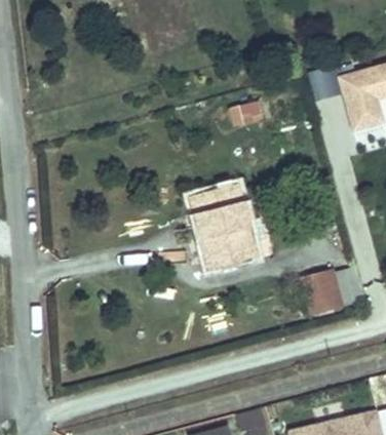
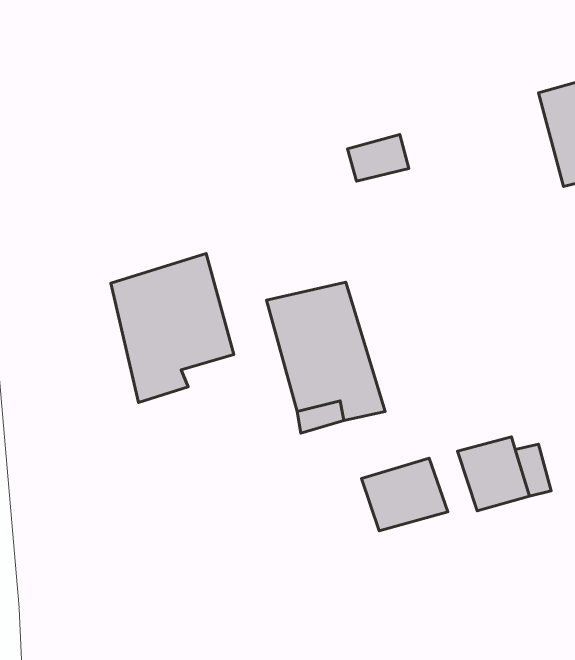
building: none -> [111,253,234,403]
building: none -> [362,458,448,531]

